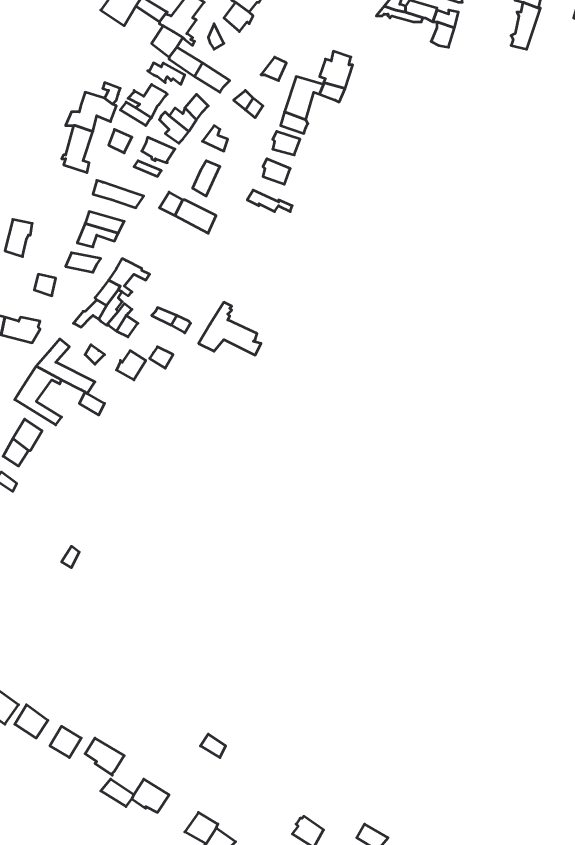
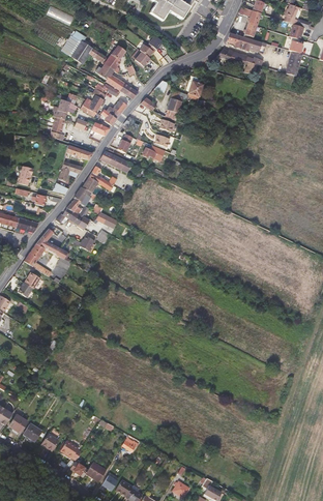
building: [199,302,261,355] -> [83,166,116,194]

